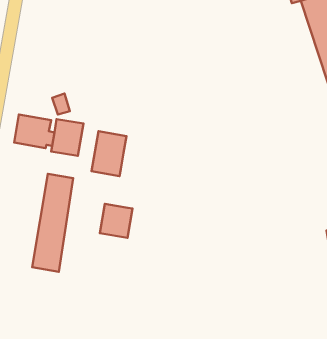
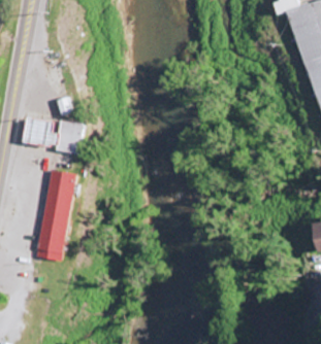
building: [91,131,127,176] -> none
building: [100,204,133,238] -> none

